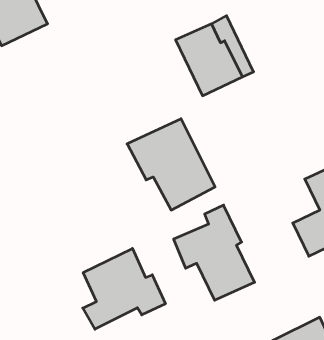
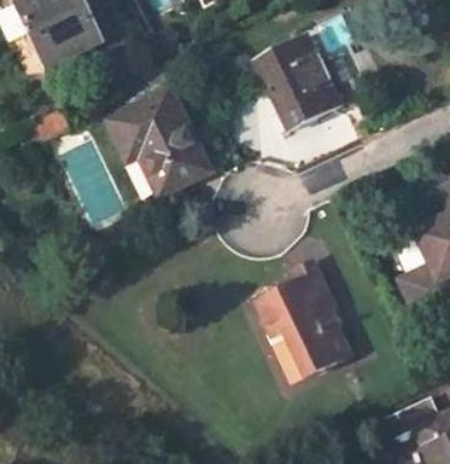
building: [127,119,215,210] -> [105,87,211,197]
building: [83,248,165,329] -> none

